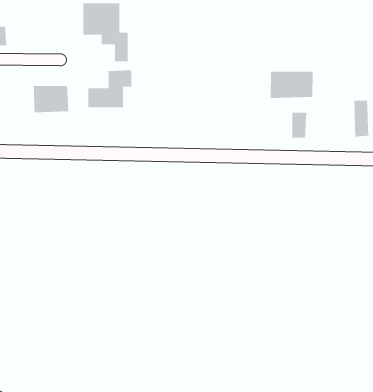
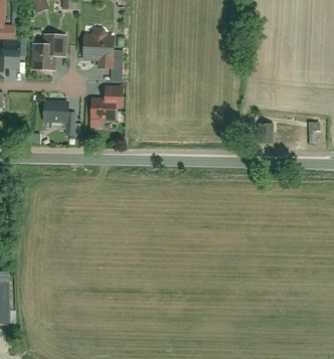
building: none -> [30,34,66,69]
building: [270,71,314,99] -> none

